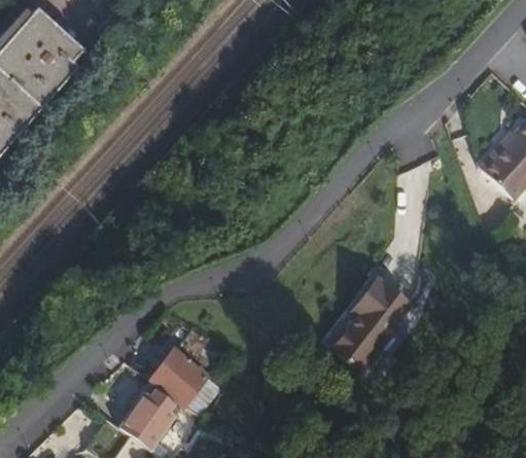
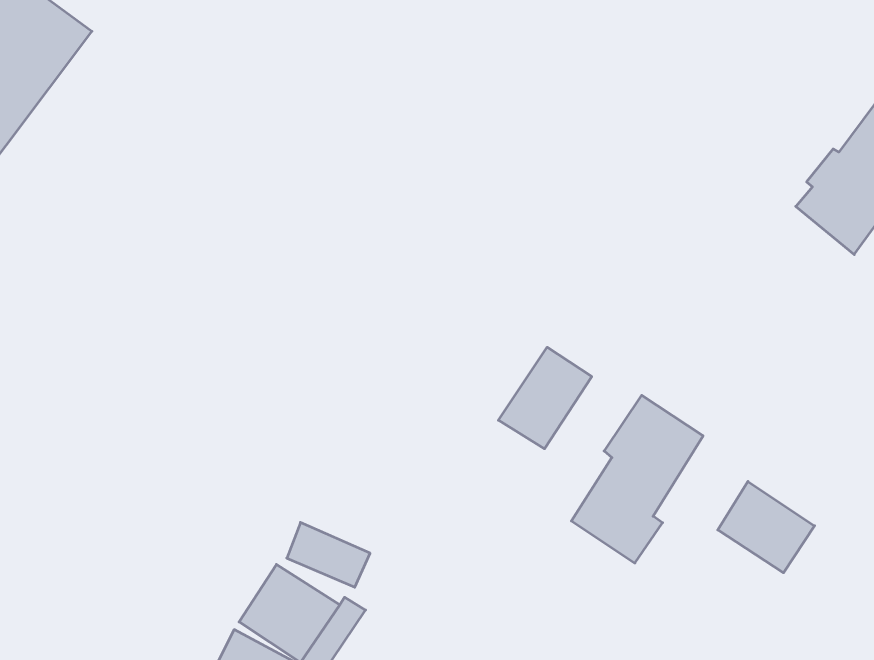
building: none -> [498,347,592,449]
building: none -> [718,481,815,573]

